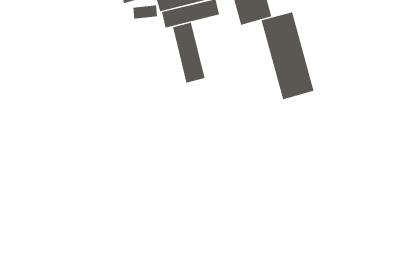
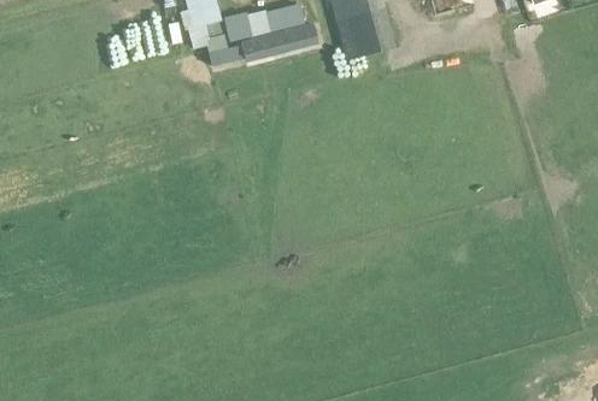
building: [261,11,314,100] -> none
building: [172,22,205,84] -> none

